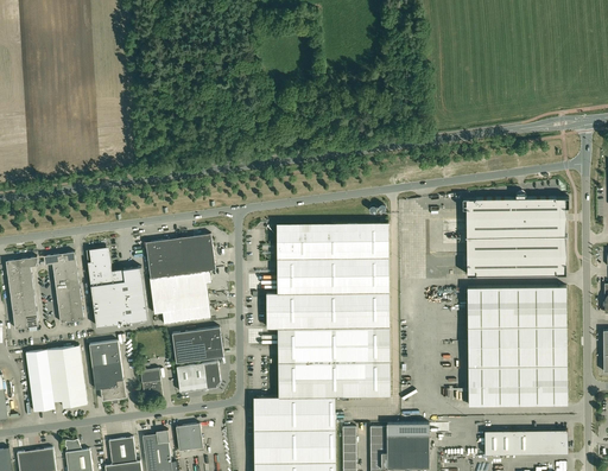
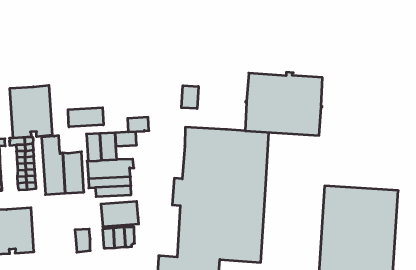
building: none -> [181,86,198,109]
building: none -> [10,85,52,138]
building: [464,193,566,275] -> [245,72,322,135]
building: none -> [68,108,103,127]
building: [185,252,215,273] -> [128,117,149,132]
building: [89,340,126,401] -> none

